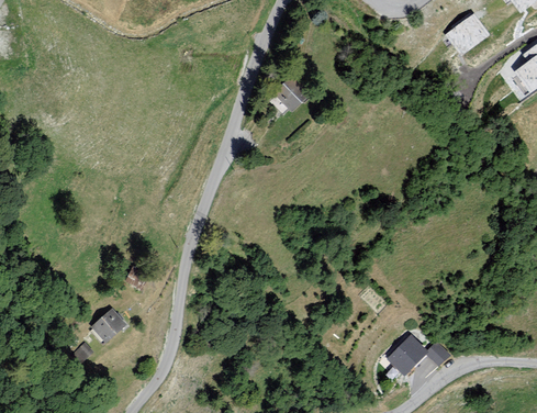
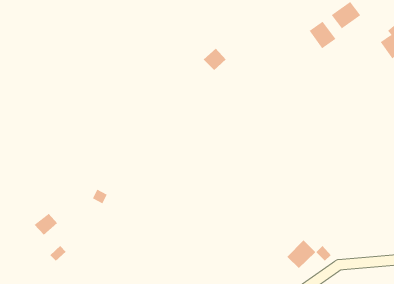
building: none -> [309,21,336,49]
building: [91,310,123,339] -> [34,213,58,235]

